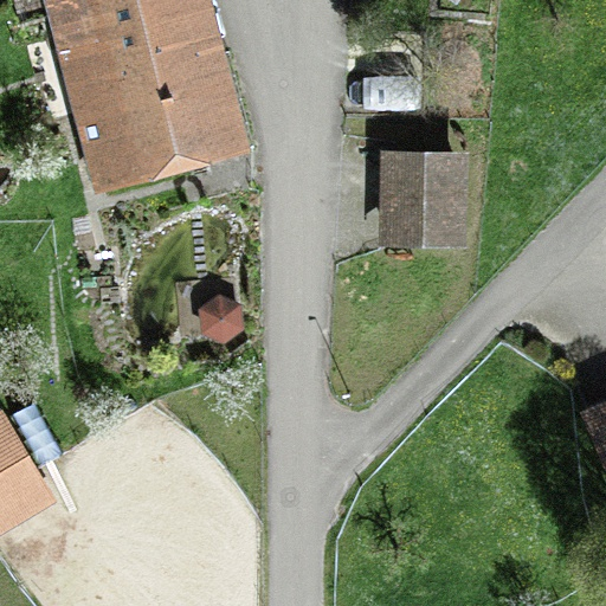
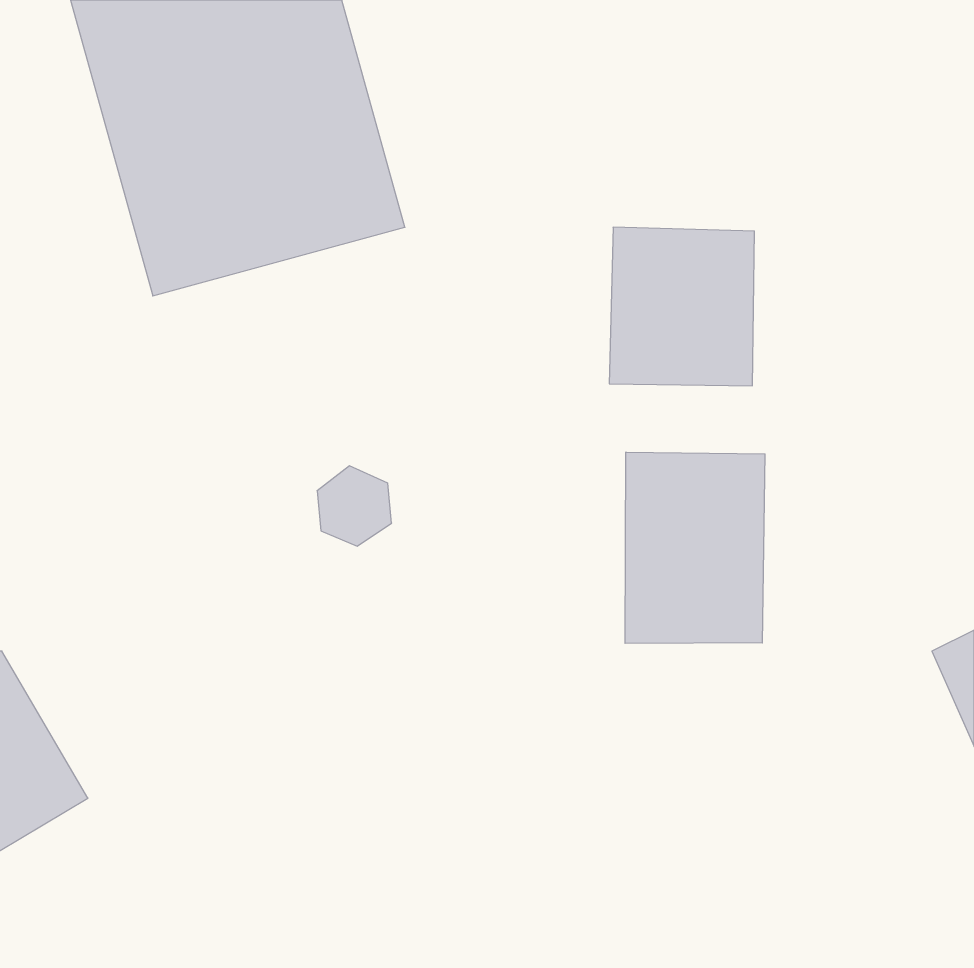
building: none -> [625,452,765,643]

